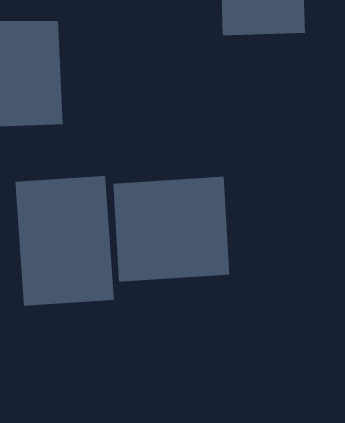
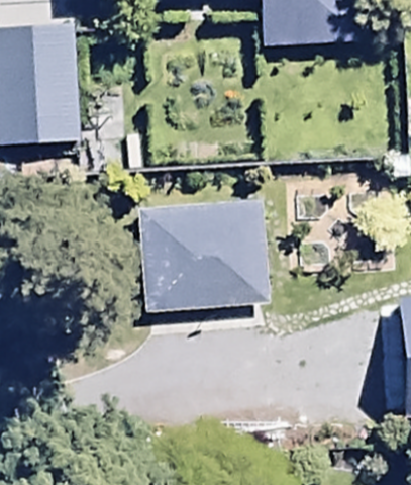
building: [15,175,115,306] -> none

